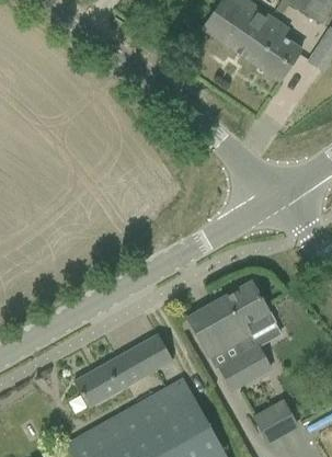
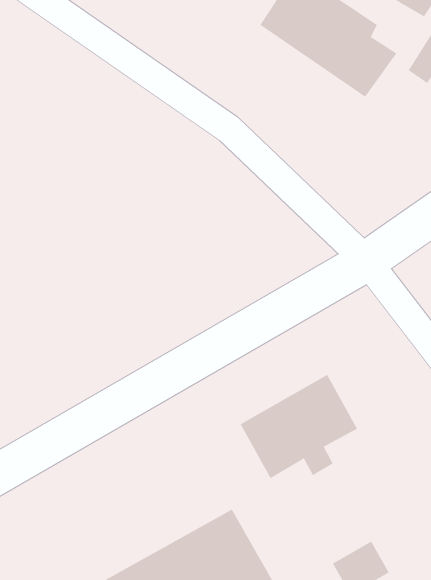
building: [73,333,172,407] -> none
building: [218,344,270,389] -> none

